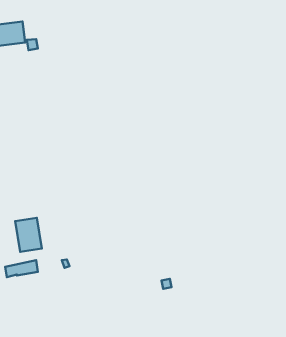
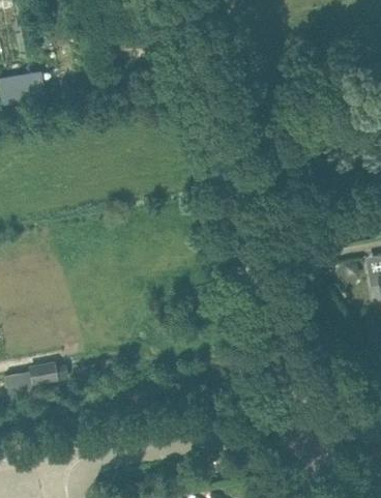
building: [15,218,42,252] -> none

